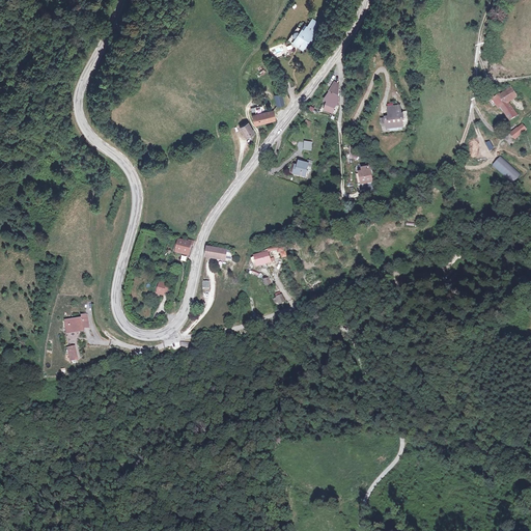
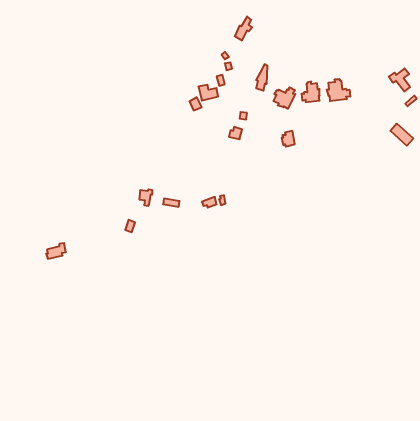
building: none -> [327,79,350,101]
building: none -> [273,87,295,109]

